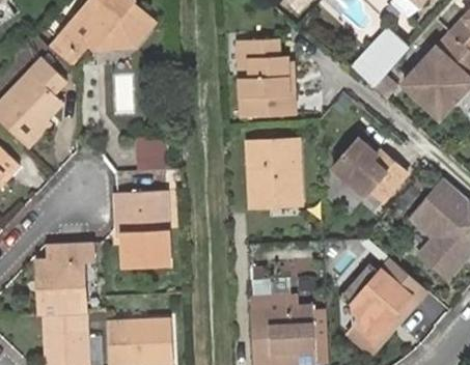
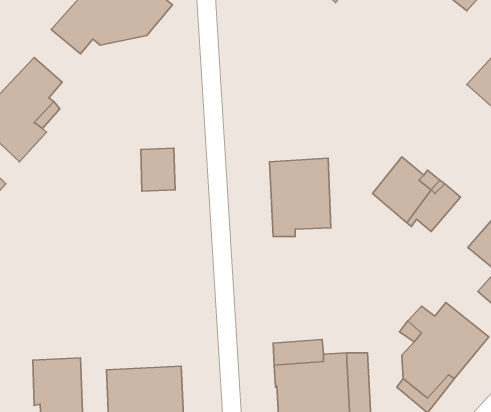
building: [353,27,408,84] -> none
building: [239,39,294,118] -> none
building: [115,189,168,266] -> none
building: [36,241,90,312] -> none

